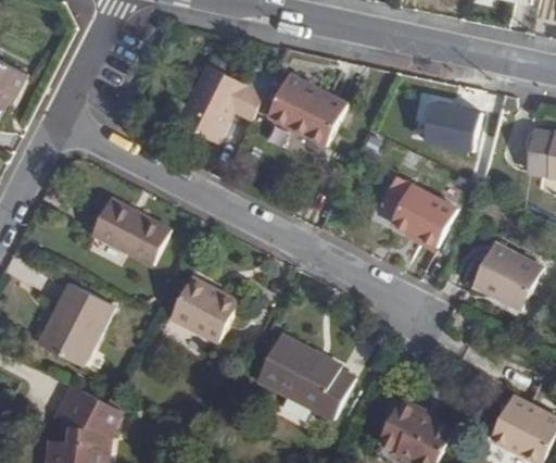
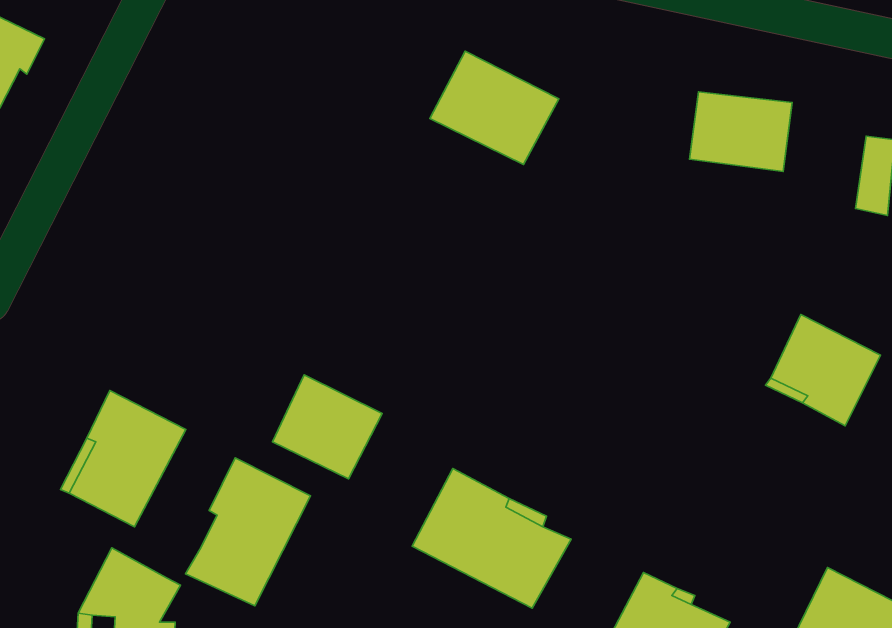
building: [176,64,263,142] -> none
building: [389,185,454,246] -> none
building: [88,198,168,264] -> none
building: none -> [186,458,311,606]

